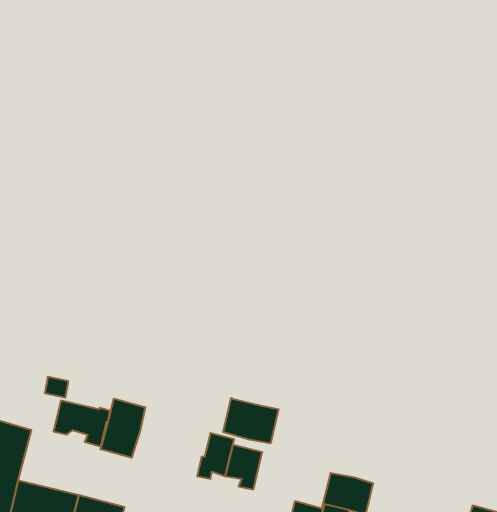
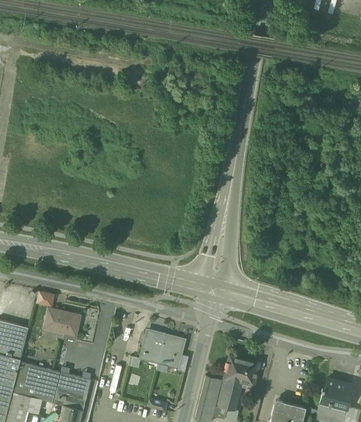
building: [223,398,279,443] -> none
building: [100,399,145,458] -> none

